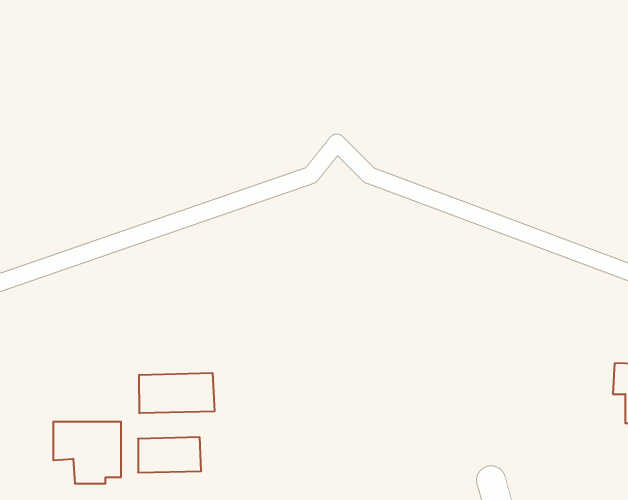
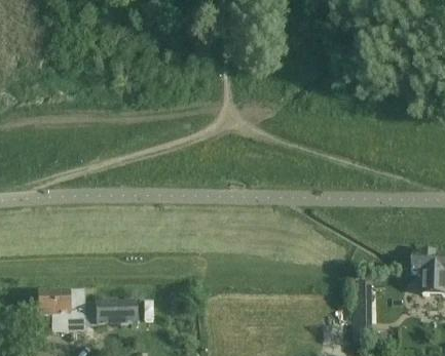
building: [139,373,214,413] -> none

